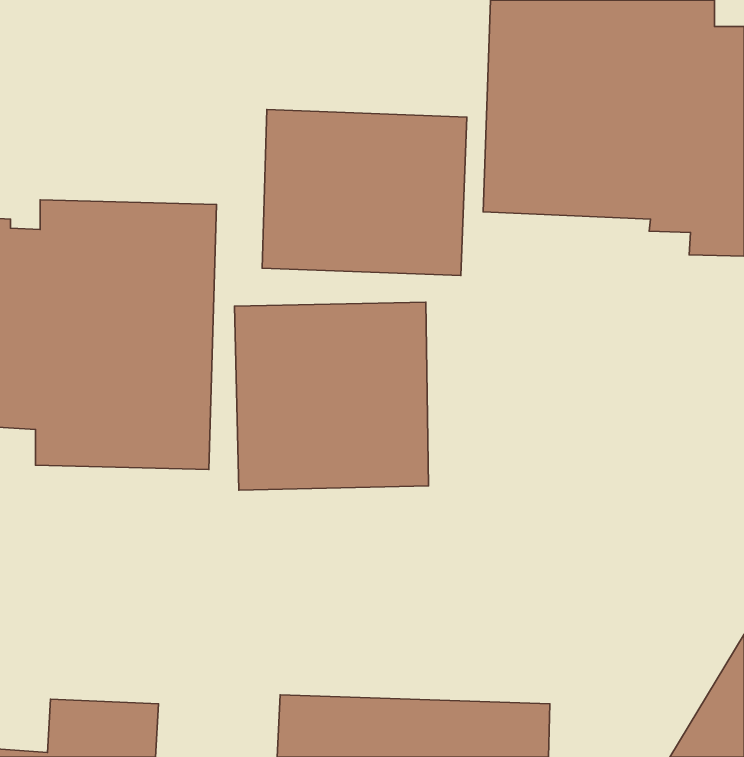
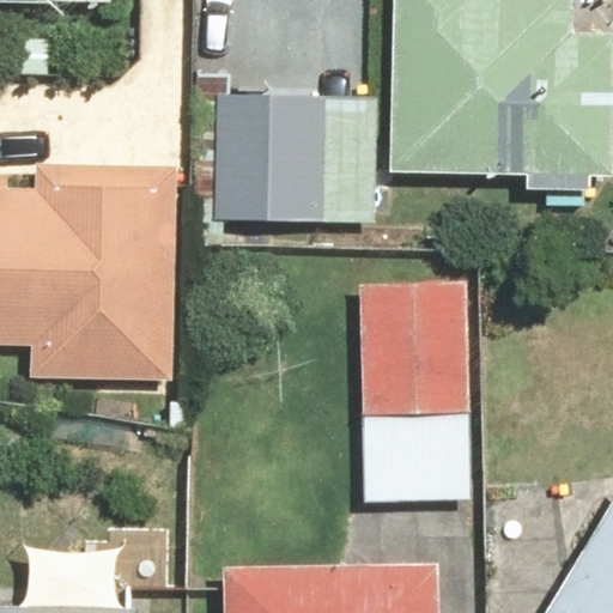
building: [235,302,429,490] -> none
building: none -> [360,279,475,498]

